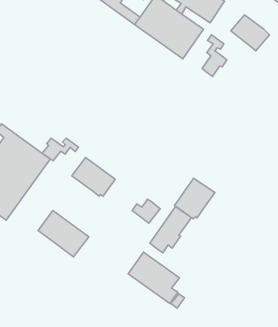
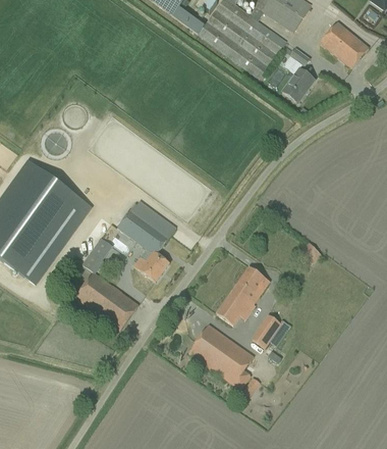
building: [42,138,78,161] -> none
building: [174,178,215,219] -> none
building: none -> [82,239,111,270]
building: [132,199,160,223] -> [134,250,170,281]
building: none -> [253,314,290,347]

